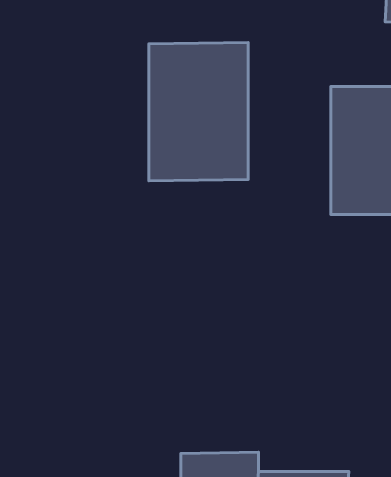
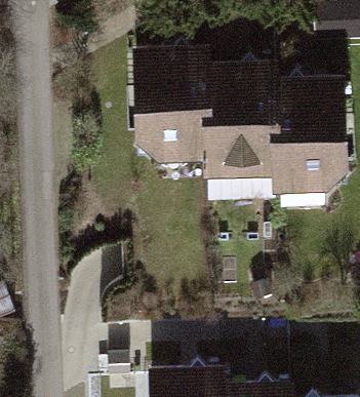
building: none -> [212,67,278,168]

